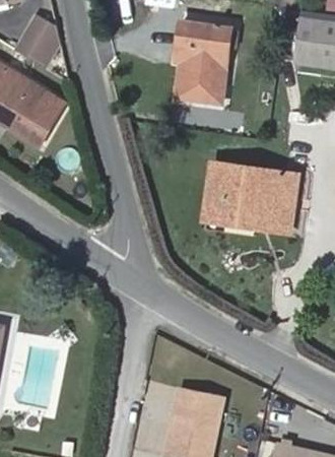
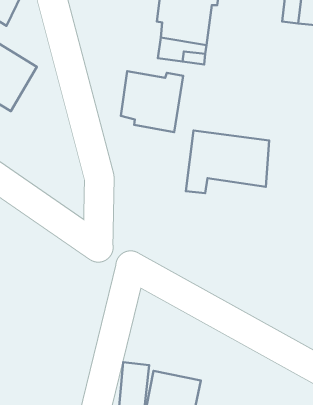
building: none -> [121,71,183,132]
building: [223,173,299,232] -> none

